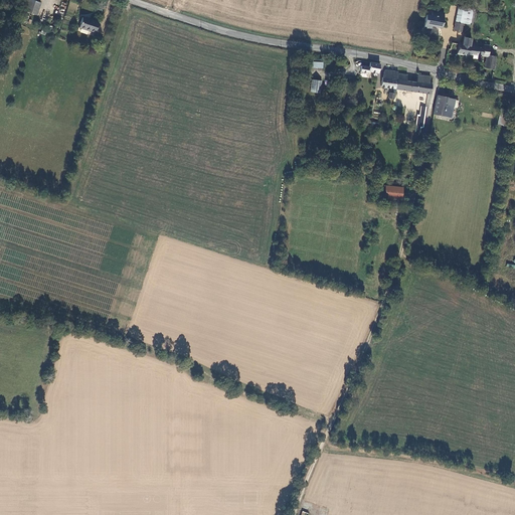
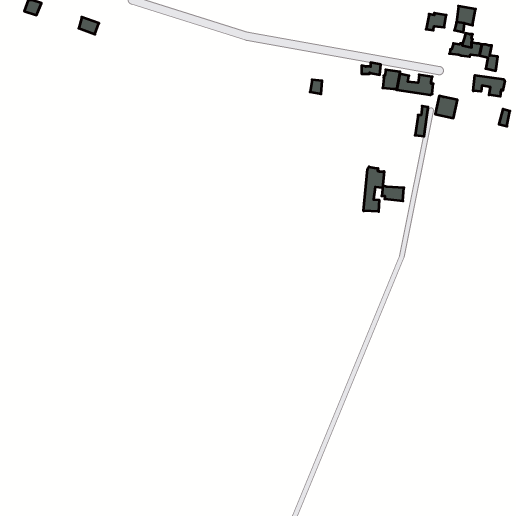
building: none -> [473,75,505,96]
building: none -> [364,167,384,212]

